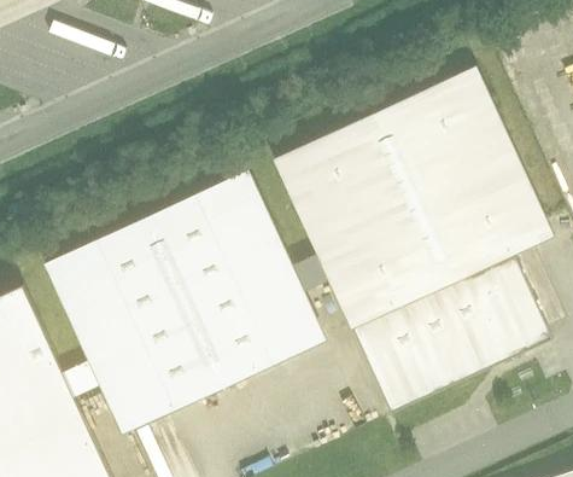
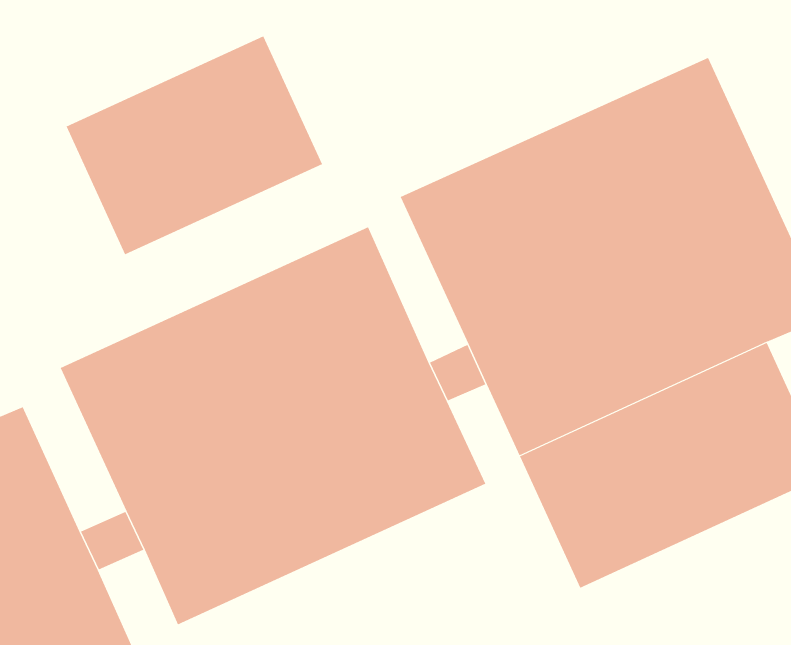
building: none -> [66,35,323,255]

